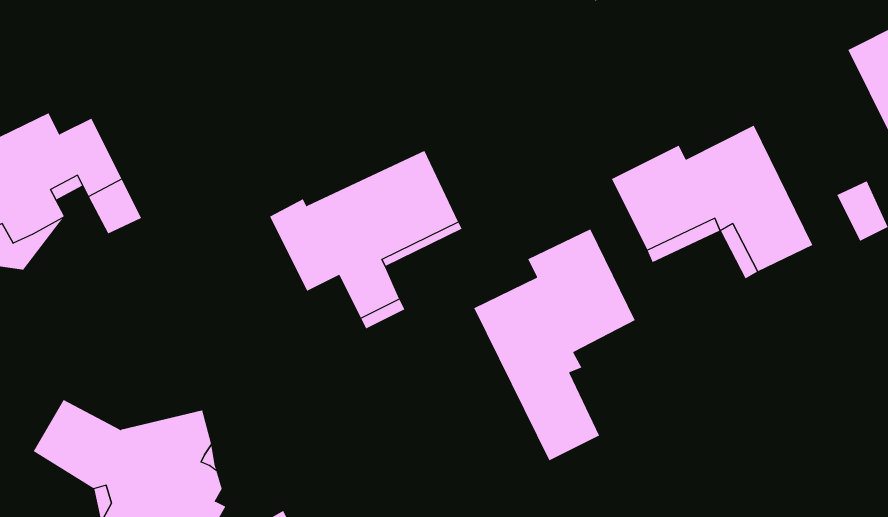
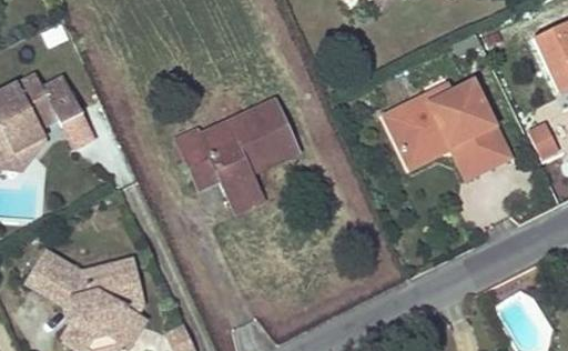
building: [473,228,635,461] -> none

